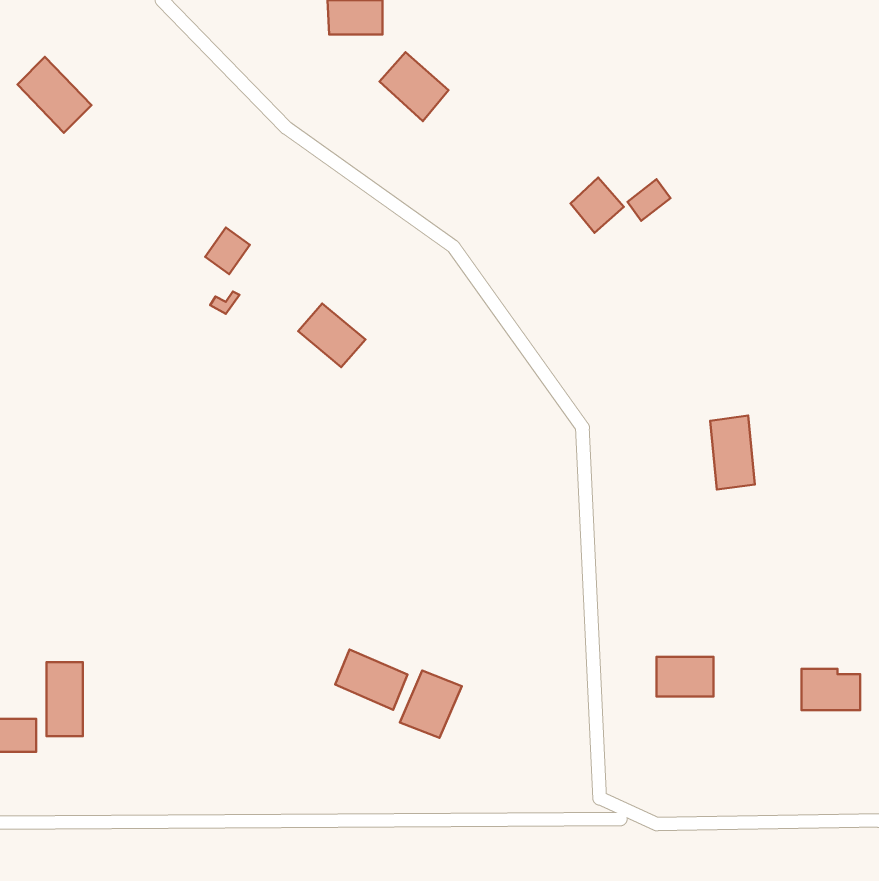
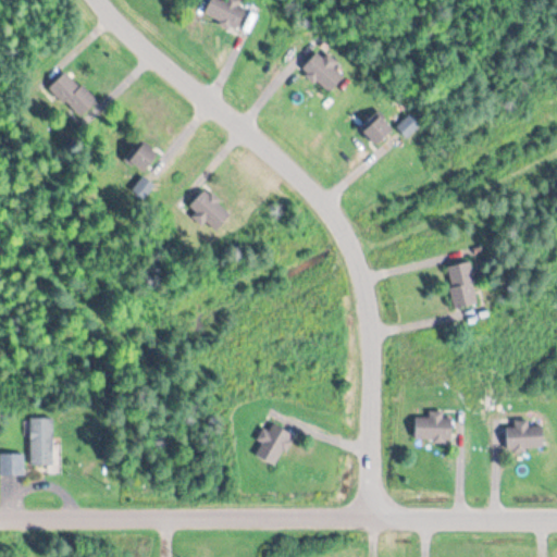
building: [380,52,449,121] -> [301,51,345,95]
building: [17,57,92,133] -> [49,72,96,120]
building: [335,649,407,710] -> none

